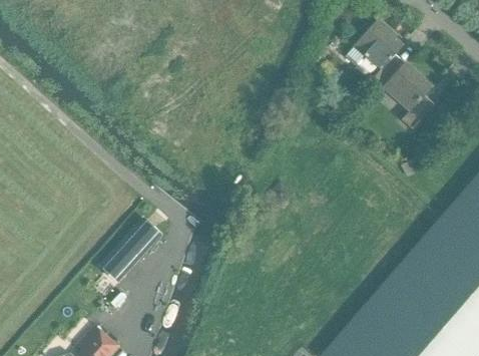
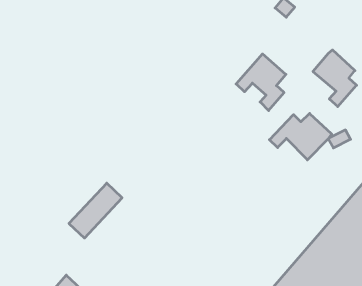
building: [346,22,404,88] -> [236,54,286,111]
building: none -> [269,113,332,160]

